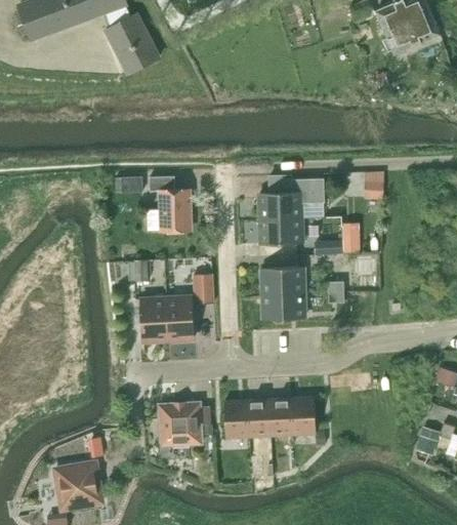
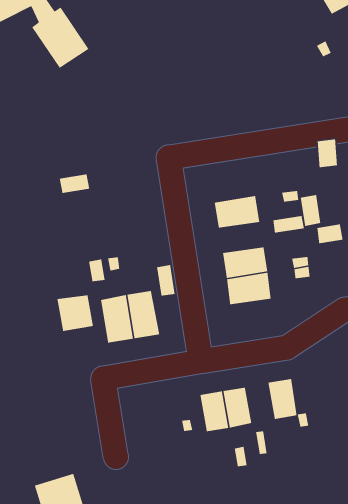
building: [147,175,189,231] -> none
building: [258,177,324,218] -> none
building: none -> [56,295,94,332]
building: [268,397,292,435] -> none
building: [158,402,201,445] -> none

